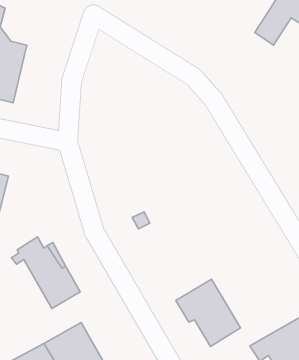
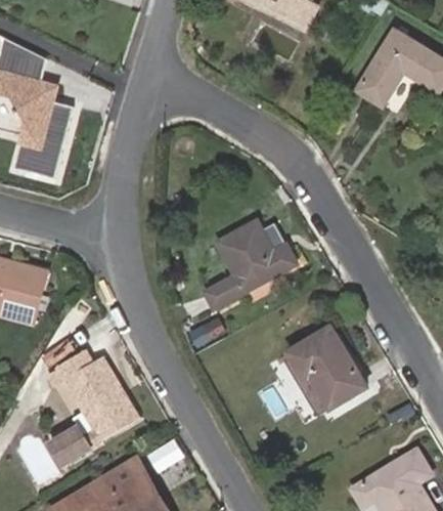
building: none -> [203,220,297,308]
building: [176,279,240,346] -> [285,325,367,410]
building: none -> [49,427,89,465]

